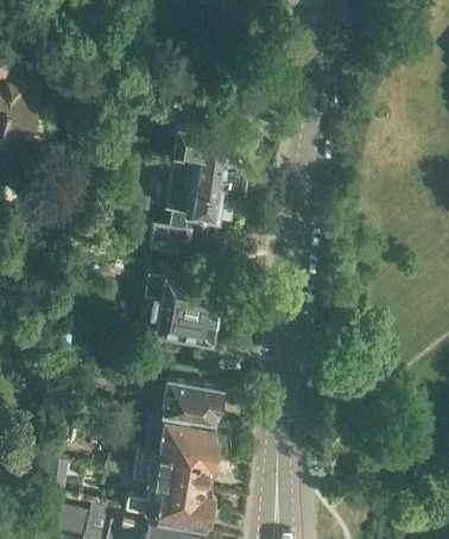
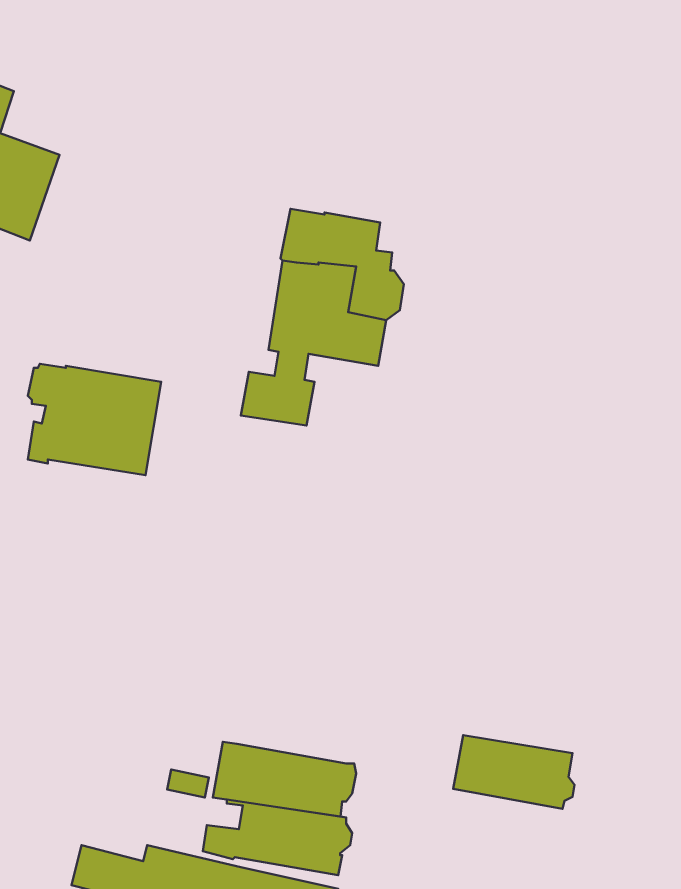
building: [140,277,220,343] -> [28,364,161,475]
building: [160,379,219,420] -> none
building: [144,417,216,461] -> [453,735,575,809]

